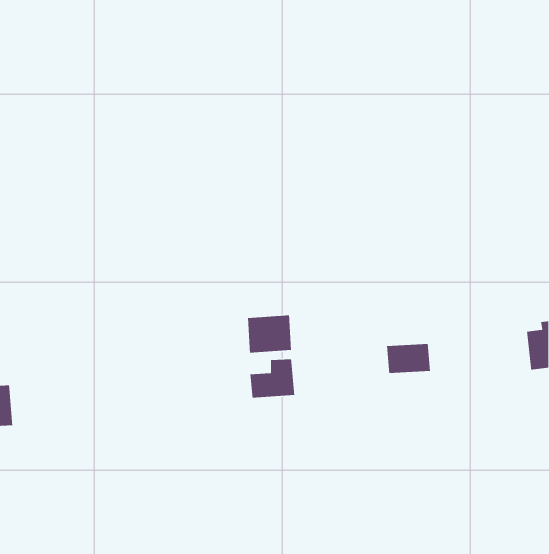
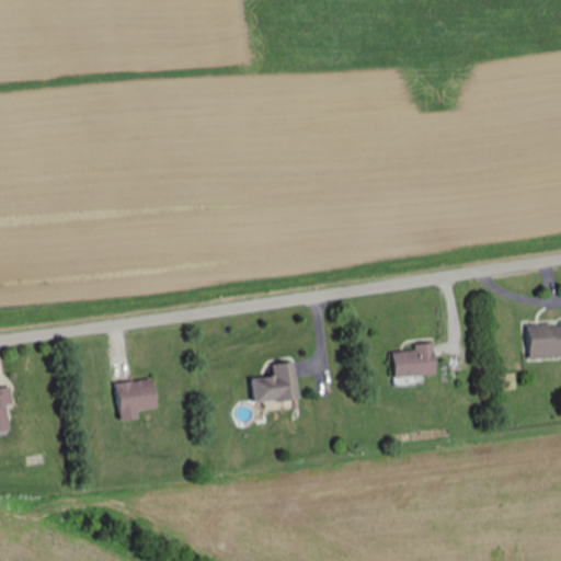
building: [247,314,292,354] -> none
building: none -> [117,379,157,419]

